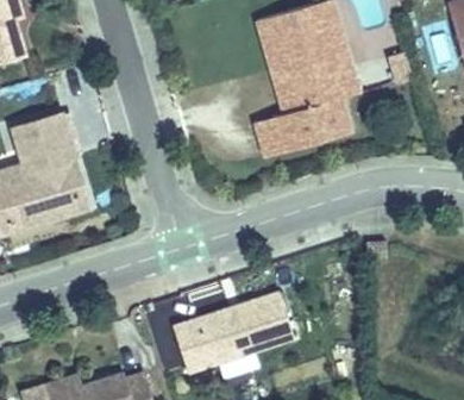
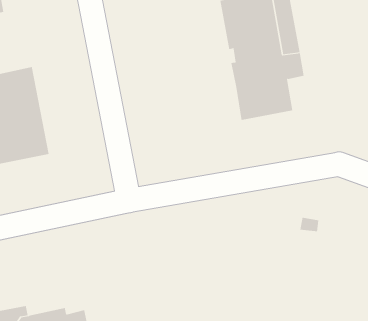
building: [252,112,291,156] -> none
building: [175,293,294,370] -> none

